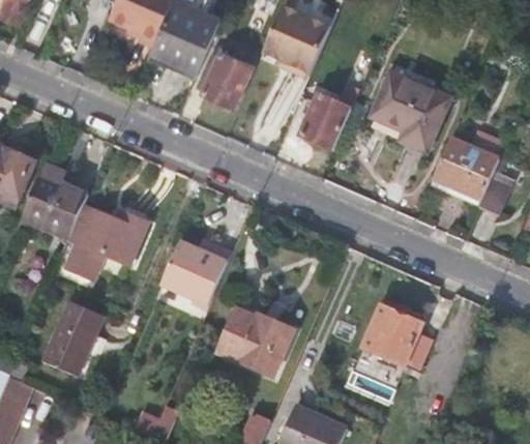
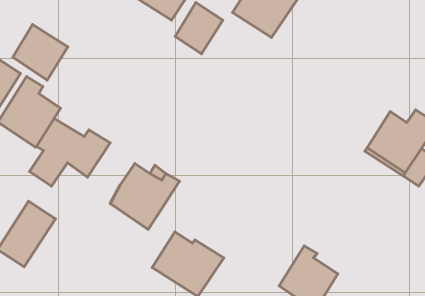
building: [371,71,450,150] -> none
building: [299,83,358,149] -> none
building: none -> [13,25,68,80]

